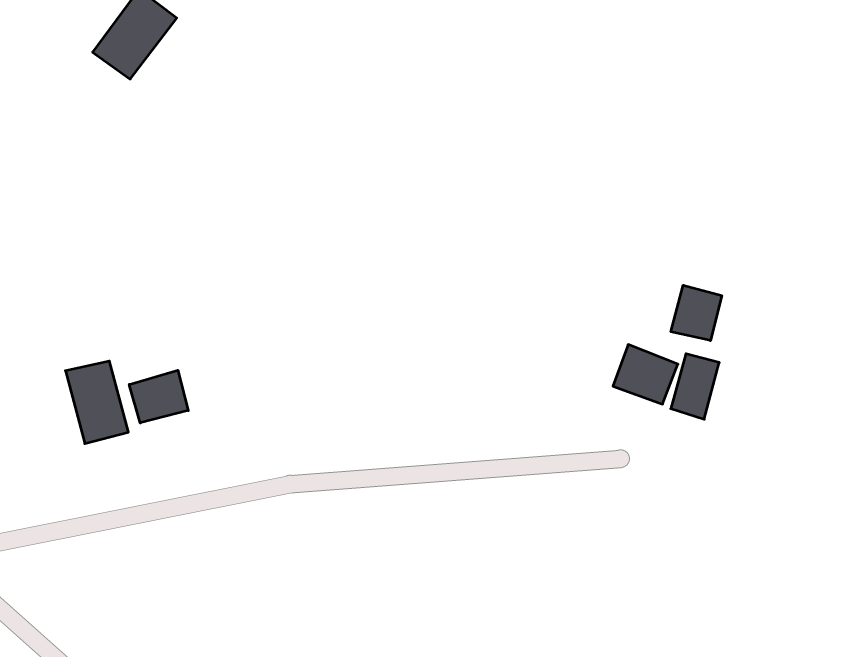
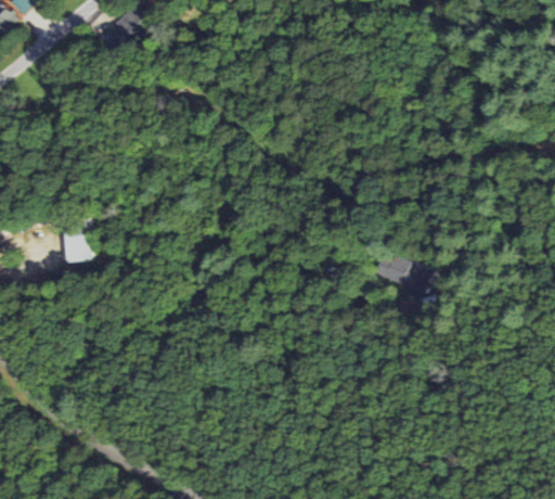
building: [671,285,722,341] -> none
building: [129,370,188,423] -> none

